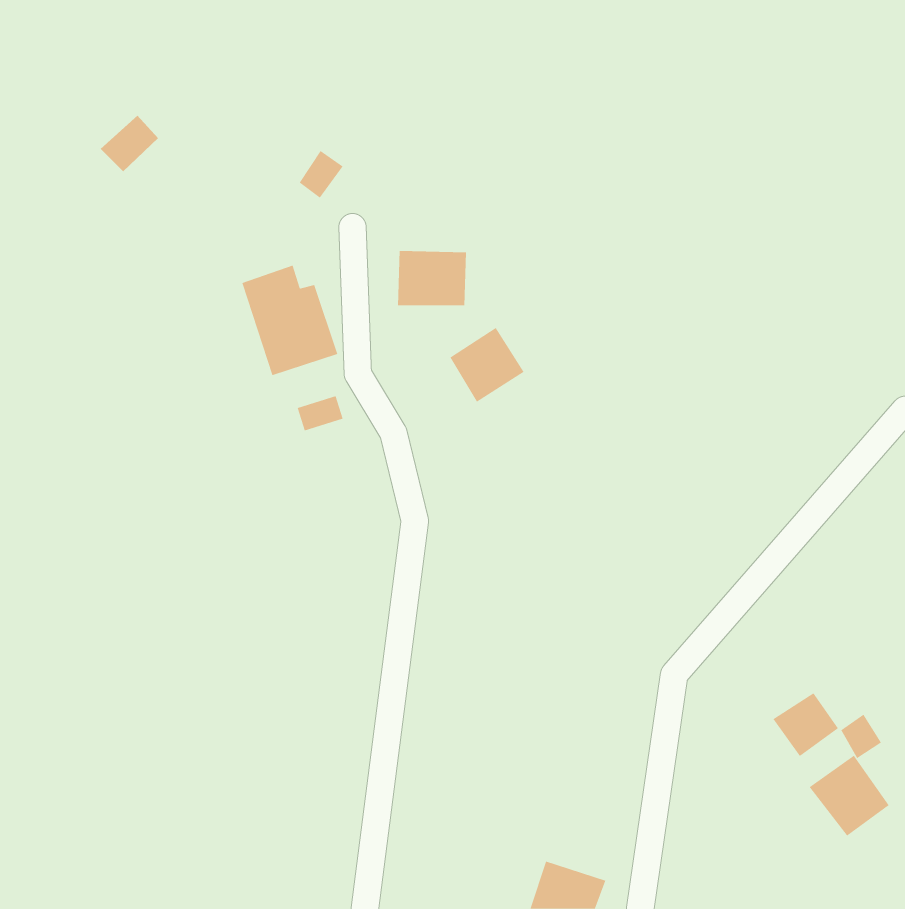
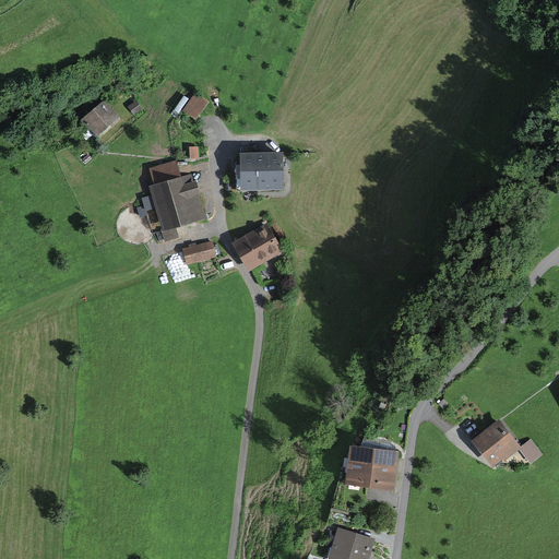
building: [100,115,159,172] -> [83,103,119,138]
building: [450,327,525,402] -> [235,224,281,270]
building: none -> [345,444,392,488]
building: [809,755,890,836] -> none

